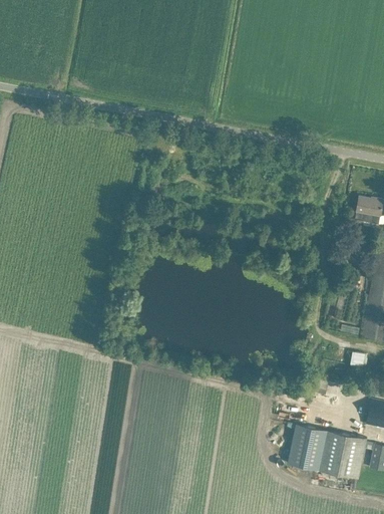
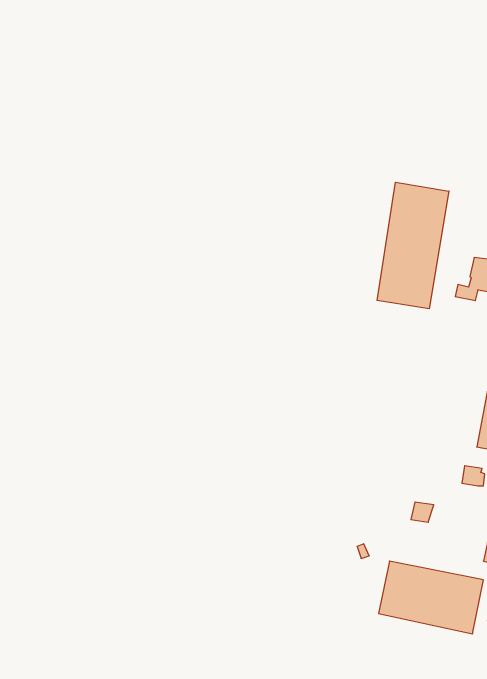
building: none -> [377,182,449,309]

